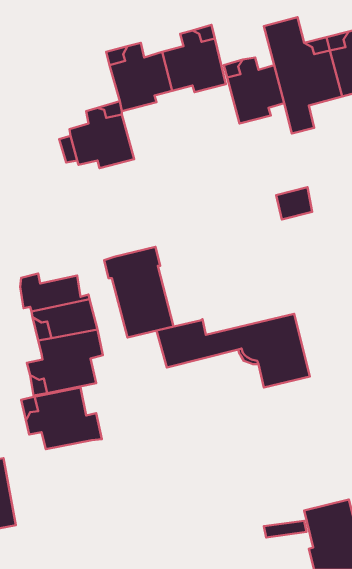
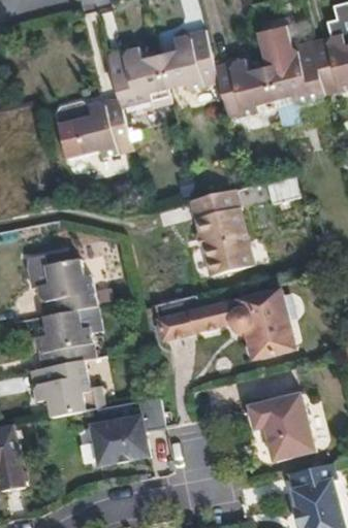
building: [104,247,173,338] -> [188,190,252,273]
building: none -> [250,393,315,460]
building: none -> [89,395,165,465]

